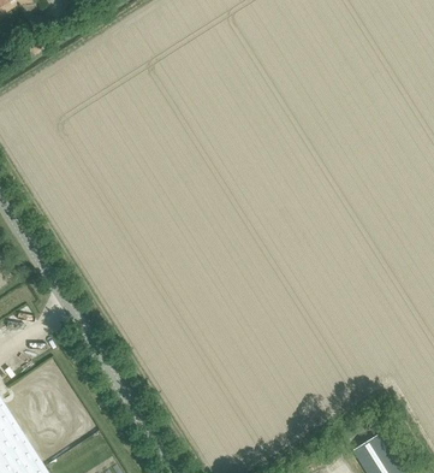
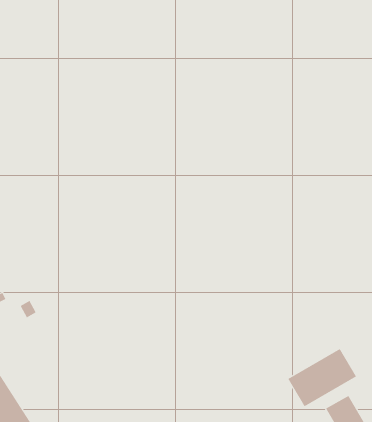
building: none -> [288,348,357,407]

